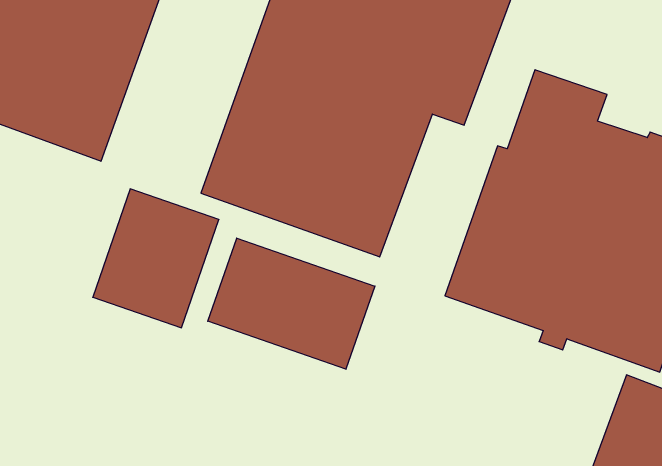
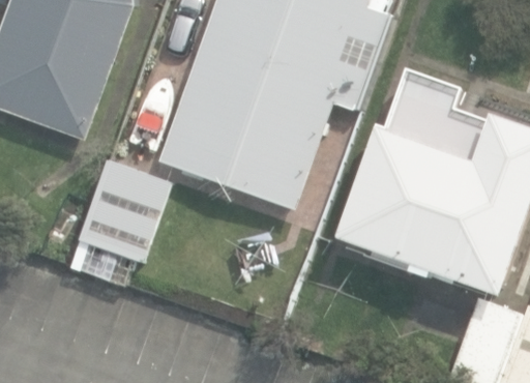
building: [208,238,375,369] -> none

